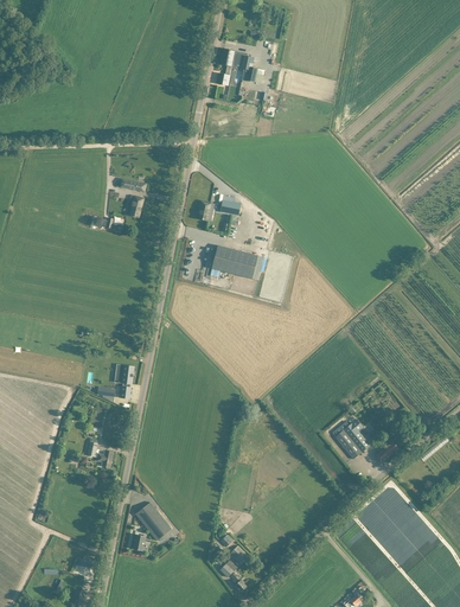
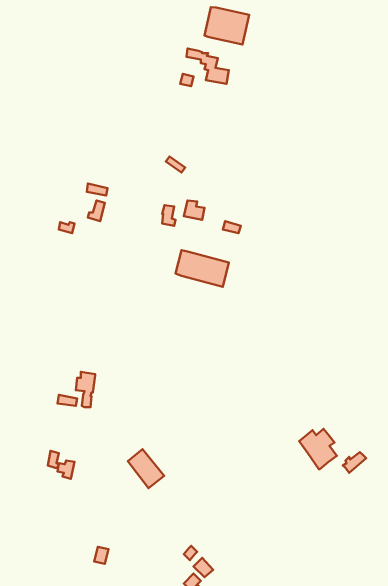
building: none -> [204,7,249,44]
building: [134,501,170,539] -> [128,449,164,488]

